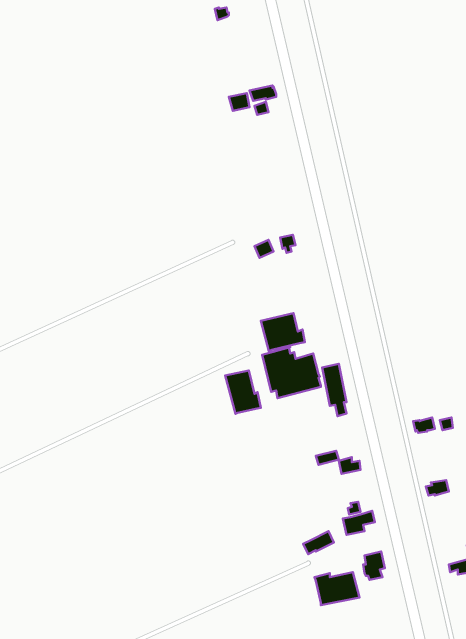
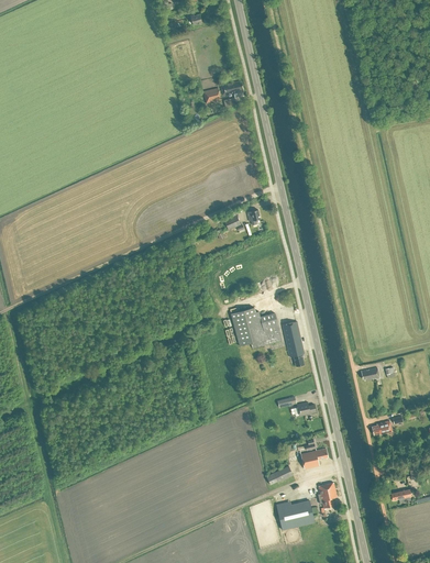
building: [261,313,305,351] -> none
building: [225,371,261,414] -> none

